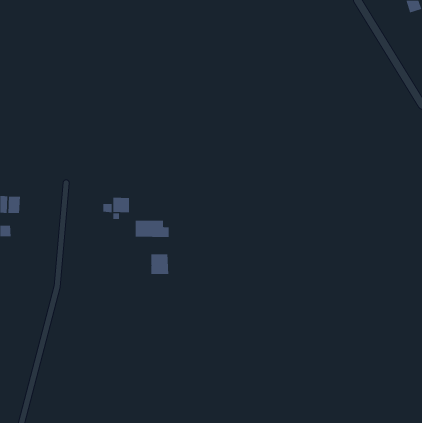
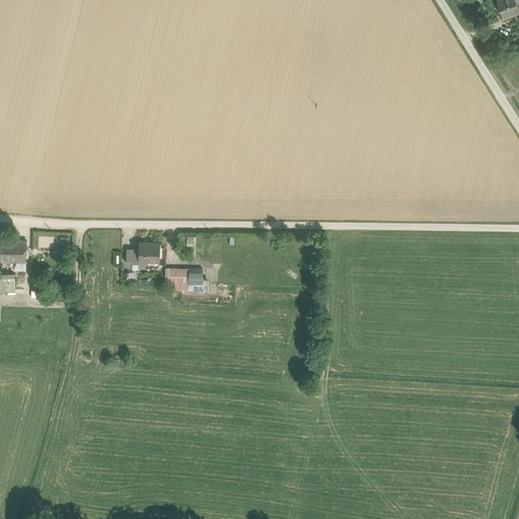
building: [151,254,169,275] -> none

